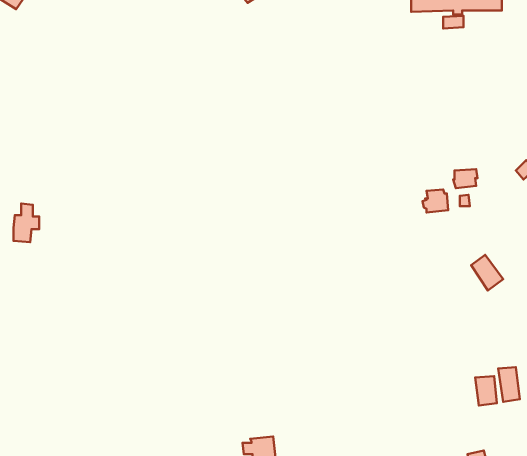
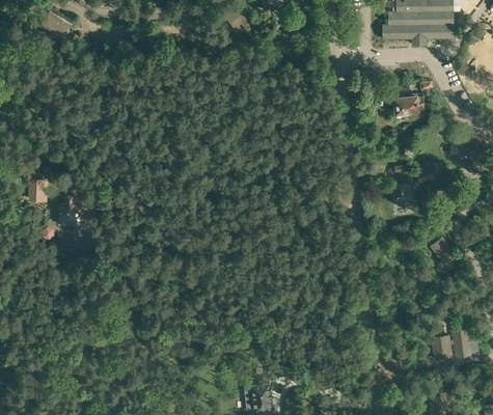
building: none -> [394,95,423,112]

